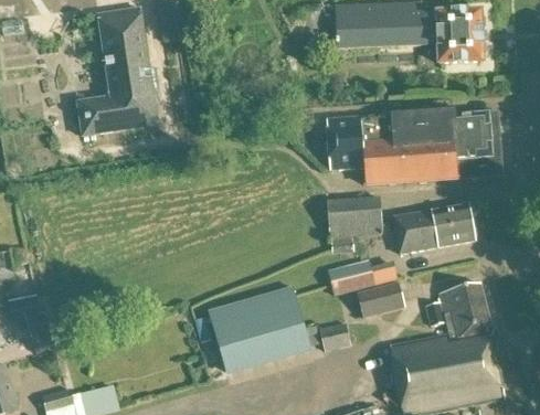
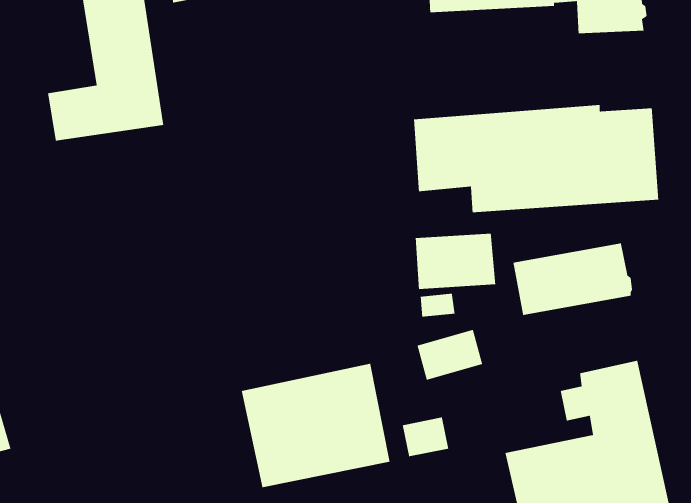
building: [356,281,404,317] -> none

